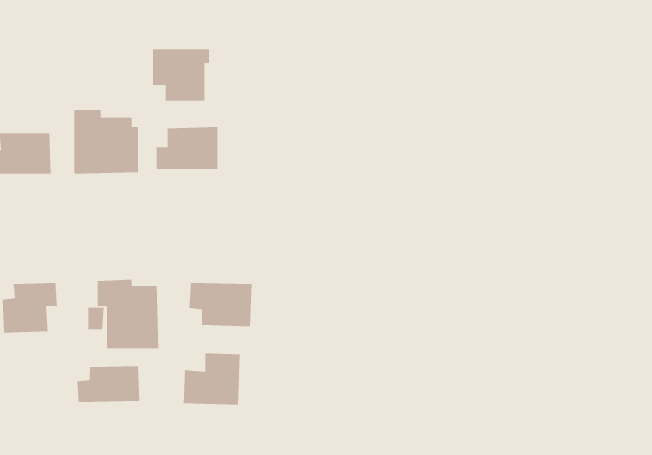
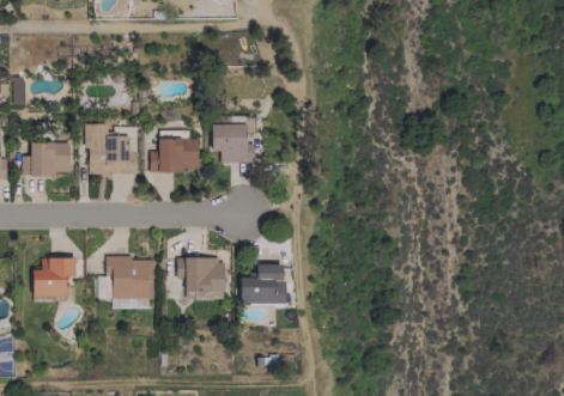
building: [152,48,210,101] -> [212,122,256,163]
building: [183,352,240,405] -> [239,263,284,304]
building: [76,365,140,403] -> none

